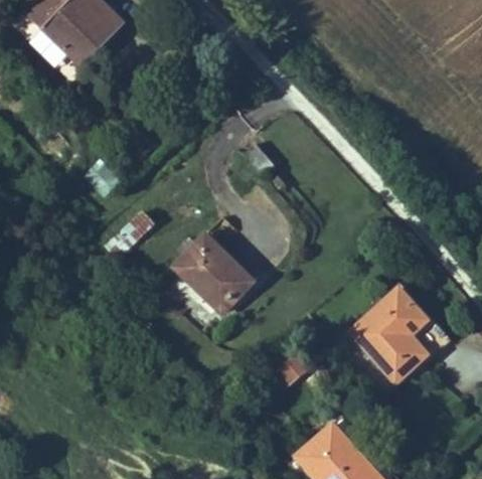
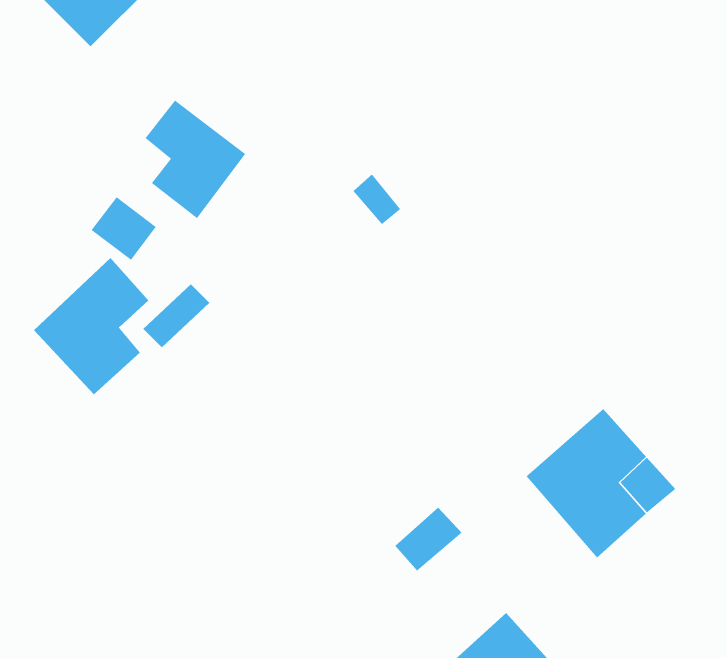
building: none -> [144,99,246,219]
building: none -> [33,257,149,395]
building: [173,235,252,313] -> none

